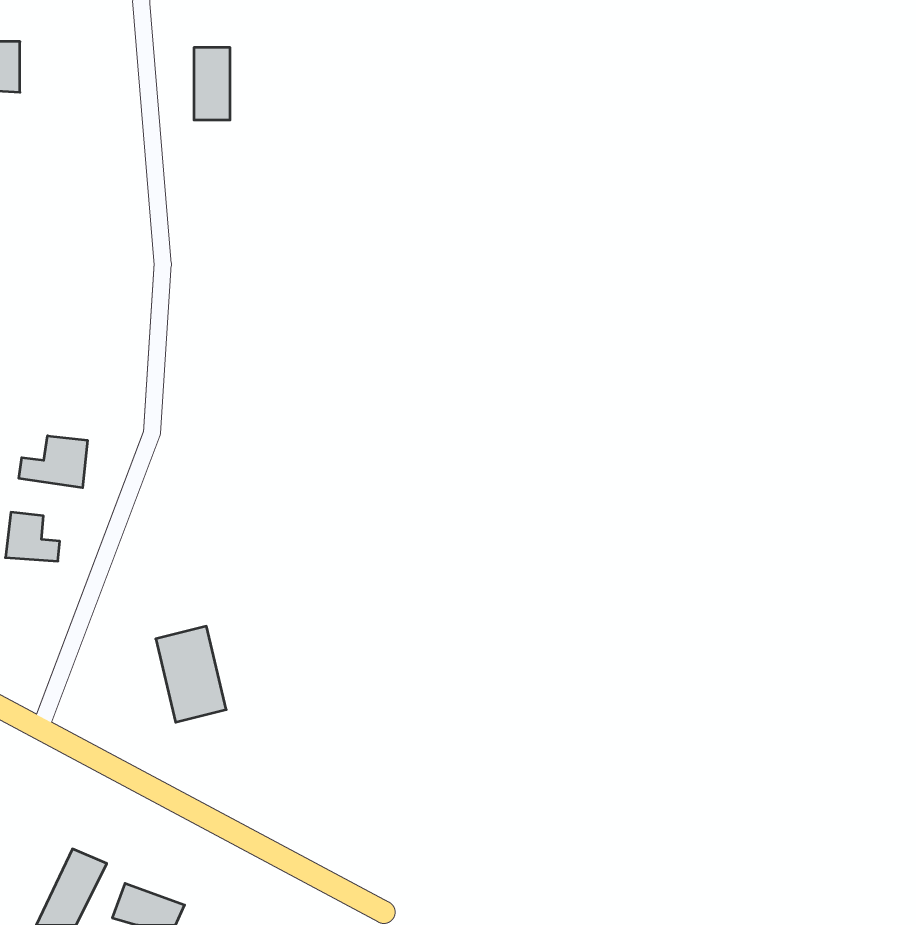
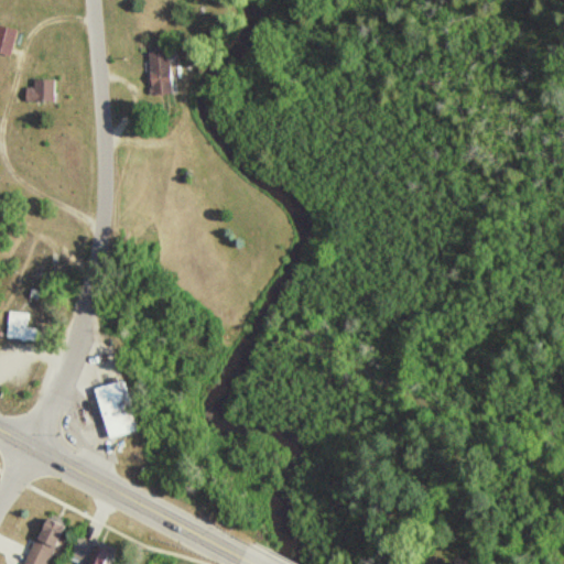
building: [194,48,230,120] -> [150,52,172,96]
building: none -> [23,79,52,101]
building: [19,436,87,488] -> none

